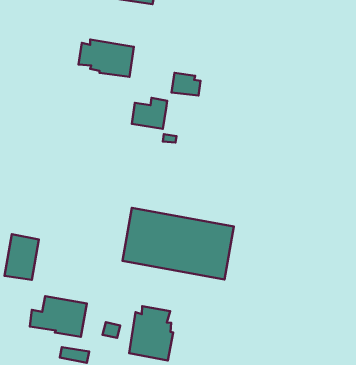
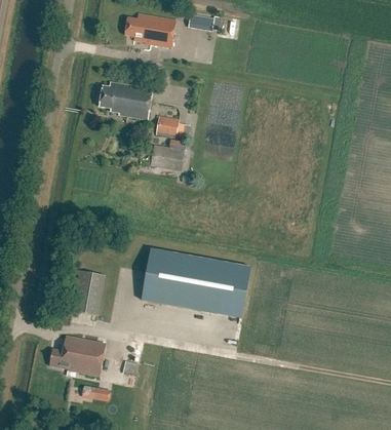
building: [171,73,200,96] -> [155,115,184,138]
building: [5,234,39,280] -> [71,269,105,314]
building: [129,306,173,360] -> none

